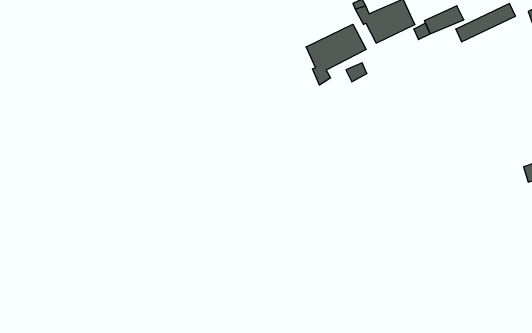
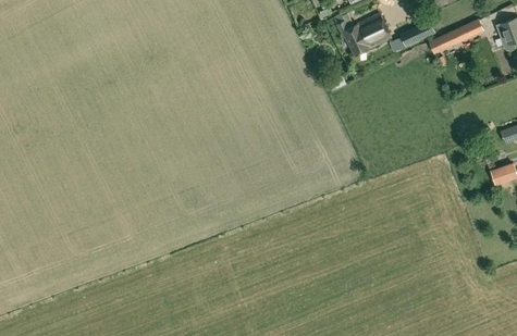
building: [306,24,366,85] -> none

